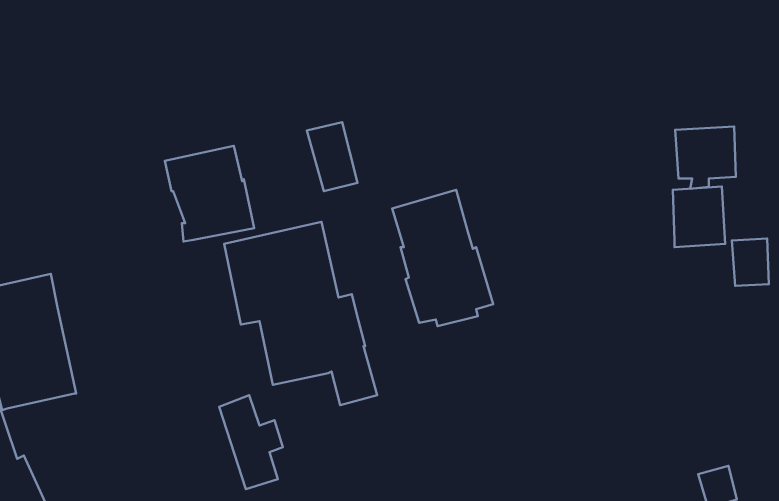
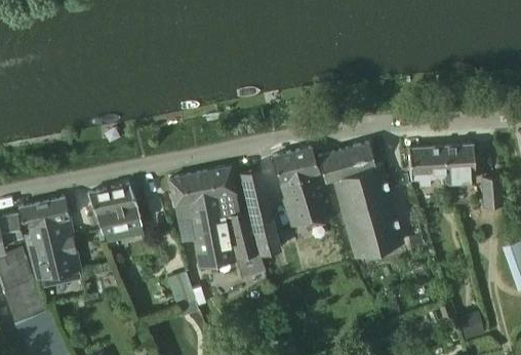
building: [307,122,357,191] -> [238,168,269,210]
building: [675,126,736,189] -> [408,147,445,185]
building: [165,146,254,242] -> [88,185,143,243]
building: none -> [318,143,405,258]
building: none -> [251,218,279,254]

